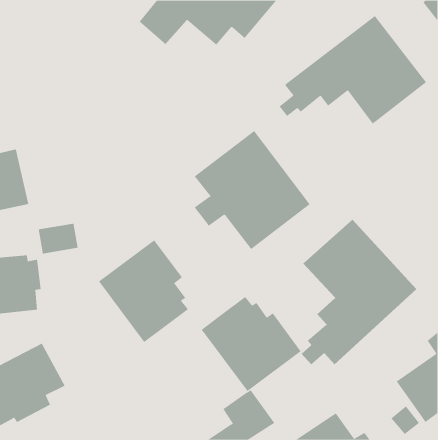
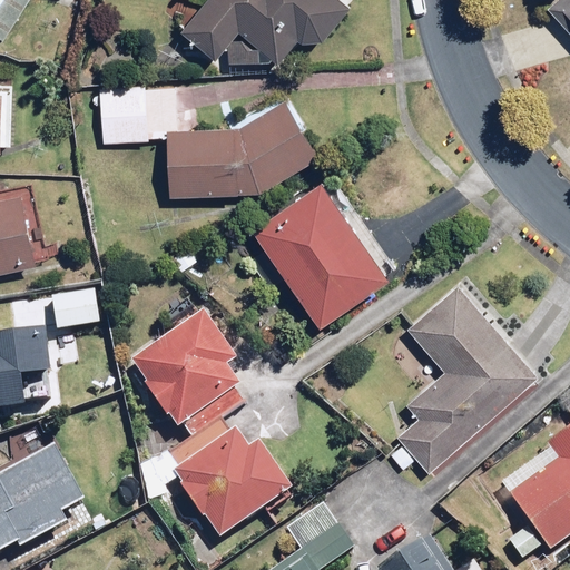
building: [279,15,427,124] -> none
building: none -> [100,87,322,194]
building: [201,296,302,392] -> [164,416,294,540]

